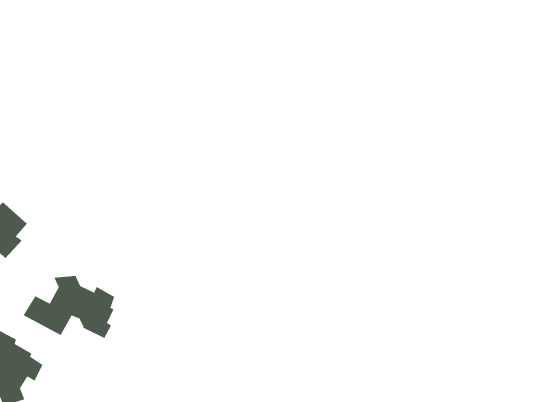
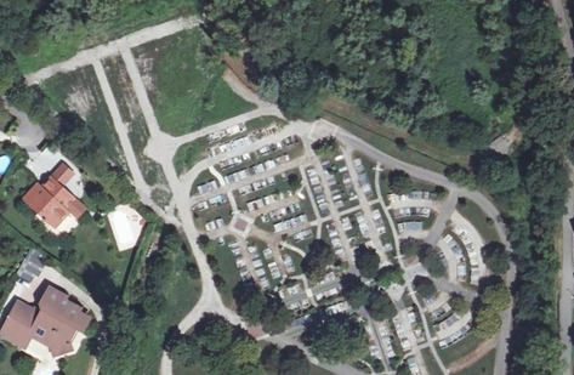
building: [23,275,115,339] -> none

